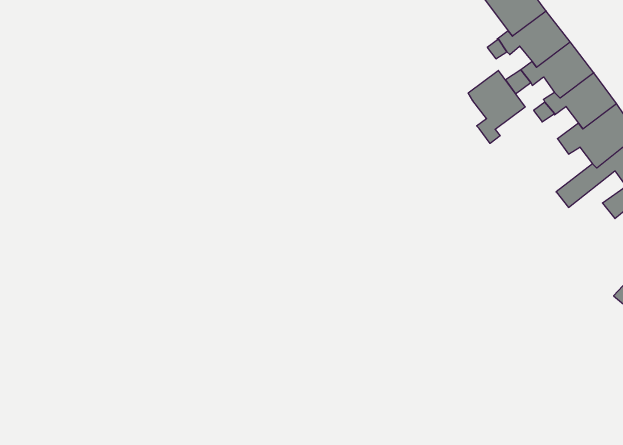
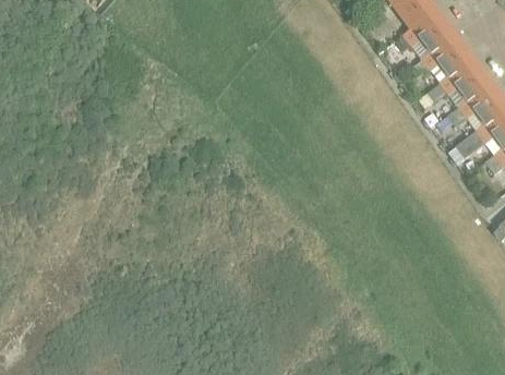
building: [468,70,525,143] -> none

